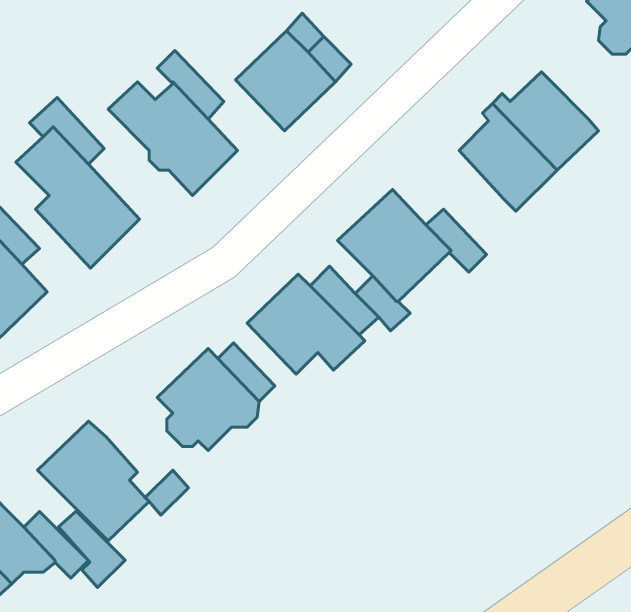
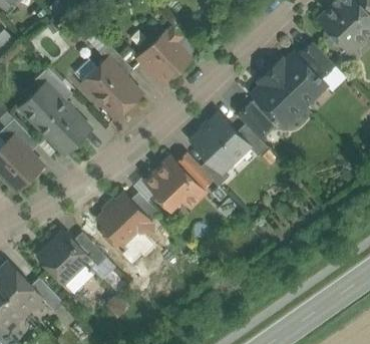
building: none -> [298,44,333,79]
building: none -> [237,98,276,138]
building: [58,511,125,588] -> [72,234,106,273]

